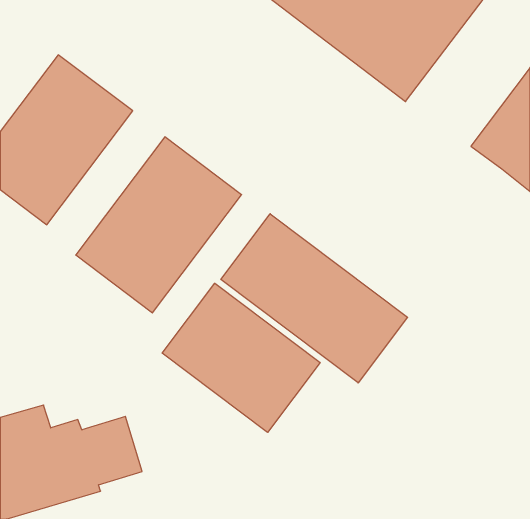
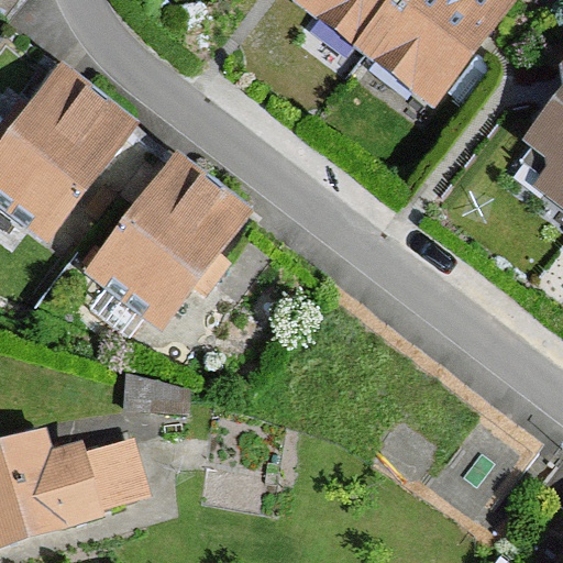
building: [221,214,408,383] -> none
building: [162,283,320,432] -> none

